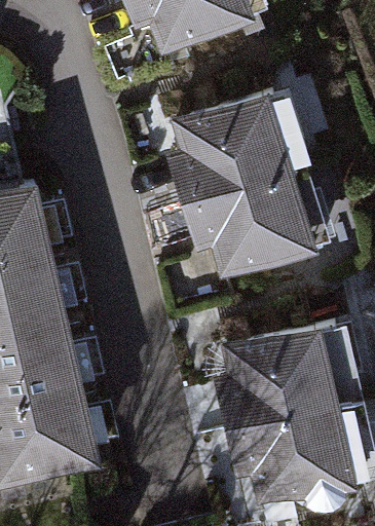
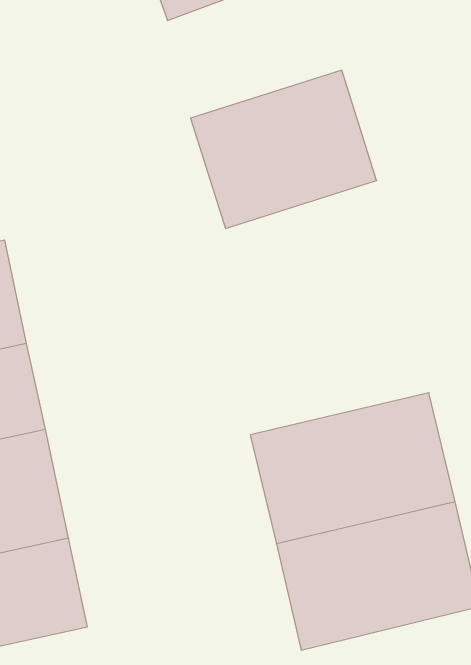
building: [198,164,330,275] -> none

